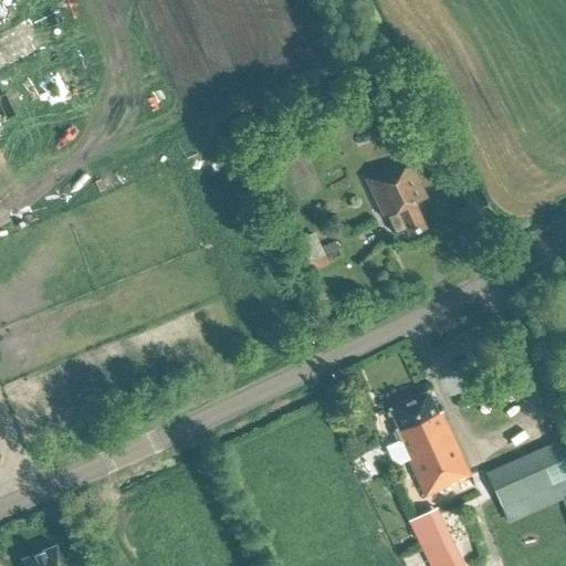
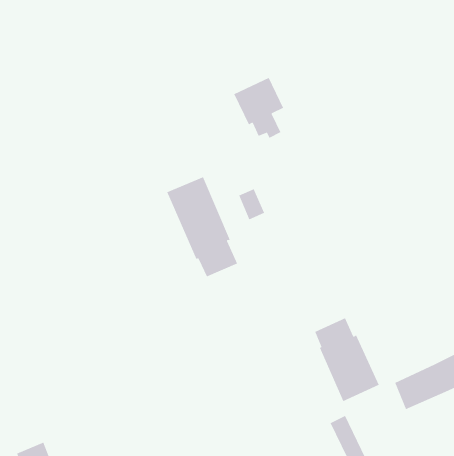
building: [368,161,431,238] -> [233,77,284,139]
building: none -> [166,176,238,278]

